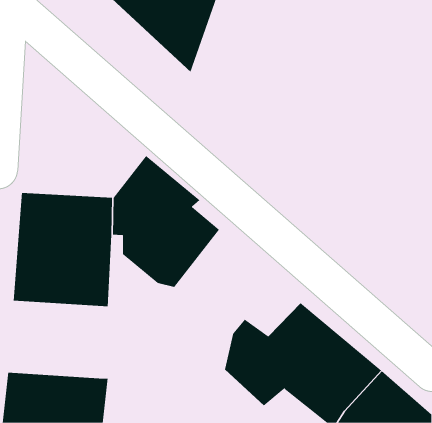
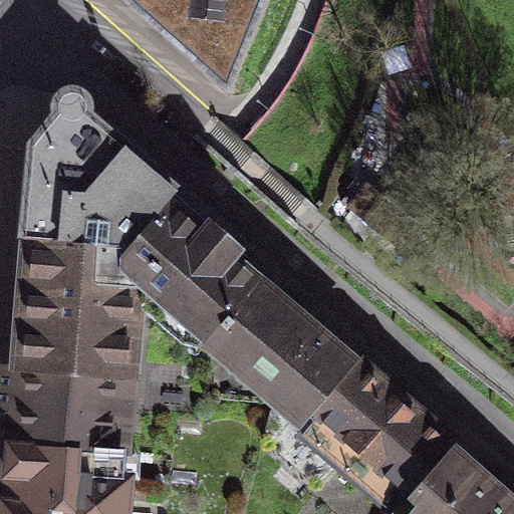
building: none -> [25,94,173,234]
building: none -> [202,272,355,398]
building: none -> [9,356,128,448]

